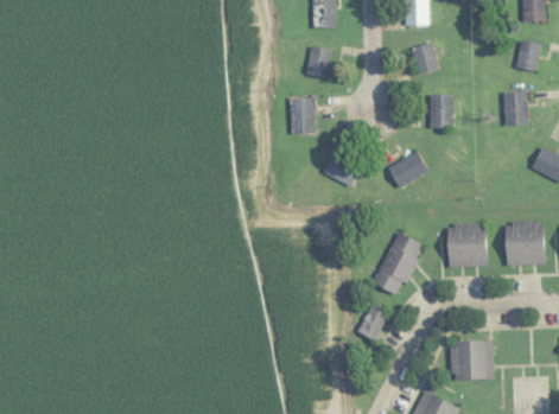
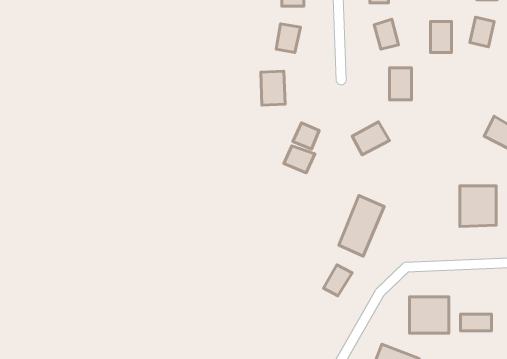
building: [504,91,527,125] -> [431,22,451,52]
building: none -> [284,146,315,173]
building: [446,223,485,267] -> none
building: none -> [461,314,491,331]

